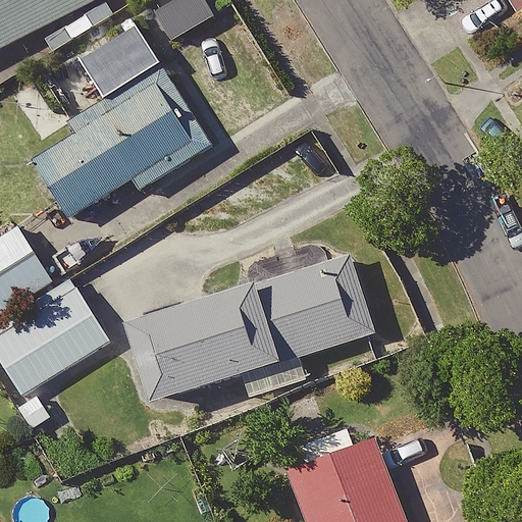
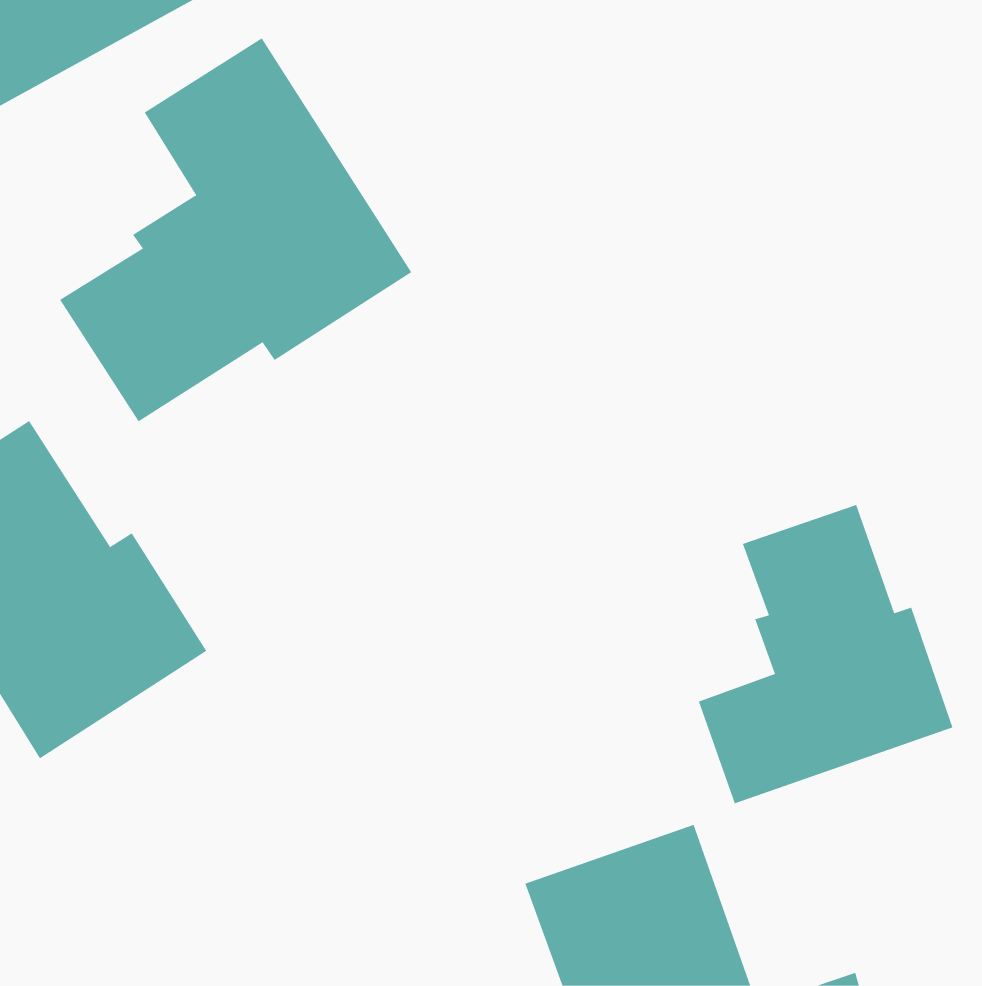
building: [132,257,373,407] -> none
building: none -> [698,504,953,804]

